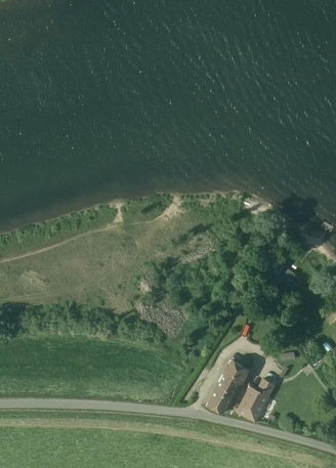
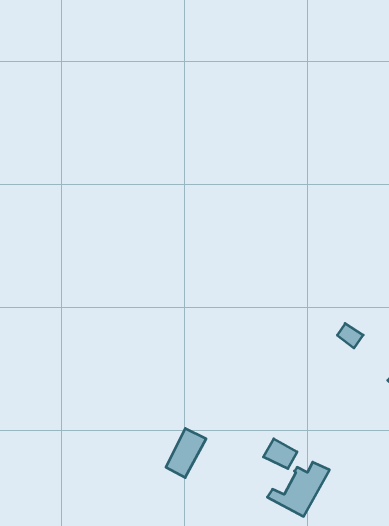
building: [208,374,240,413] -> [166,428,206,478]

